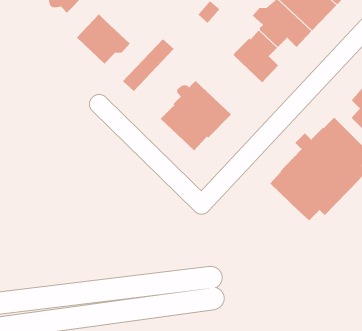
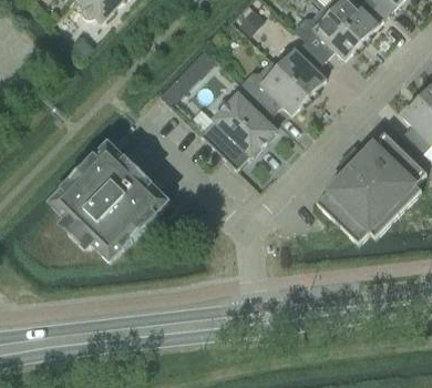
building: [76,13,130,64] -> none
building: none -> [241,58,309,112]
building: none -> [52,144,168,259]

